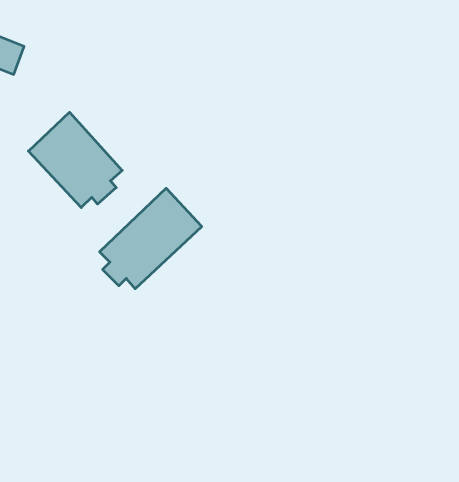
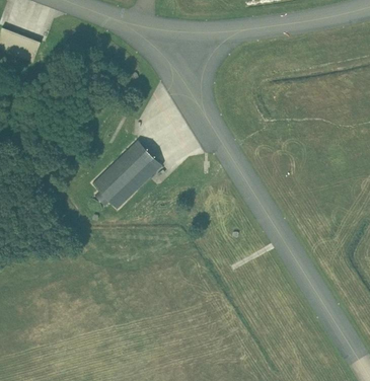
building: [28,112,122,208] -> none

